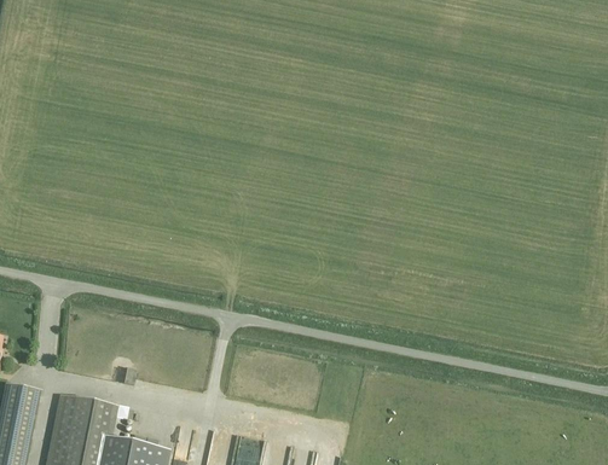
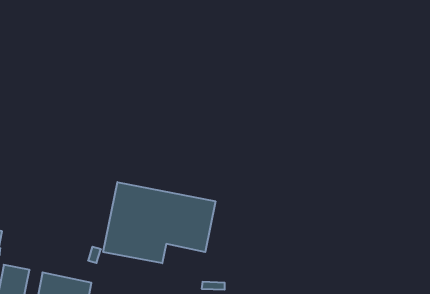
building: none -> [103,182,215,263]

